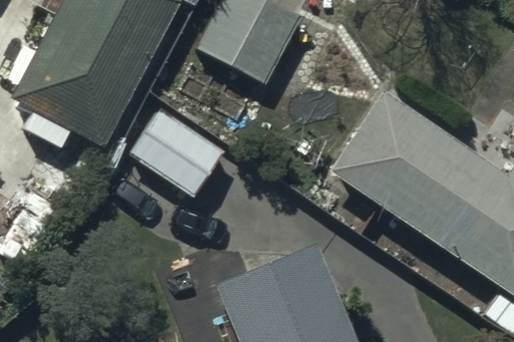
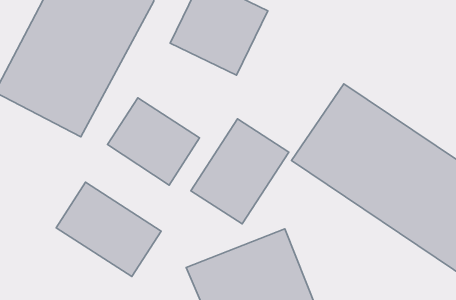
building: none -> [191,119,289,224]
building: none -> [56,182,161,277]

